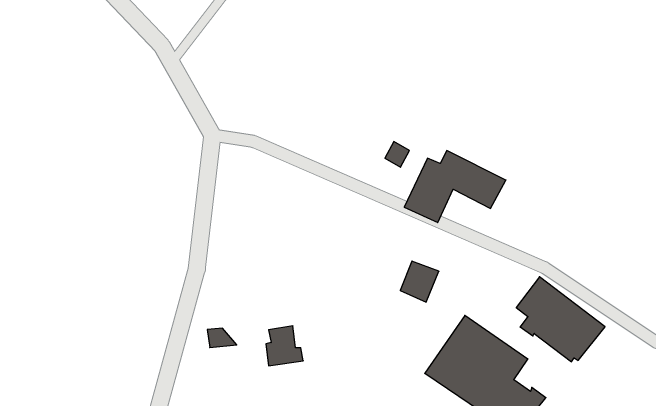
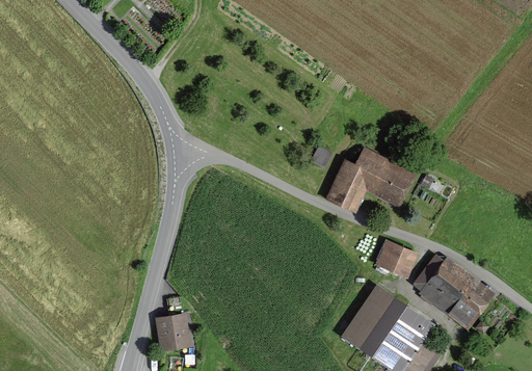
building: [400,261,439,302] -> [378,240,409,273]
building: [266,326,303,366] -> [160,314,190,346]

